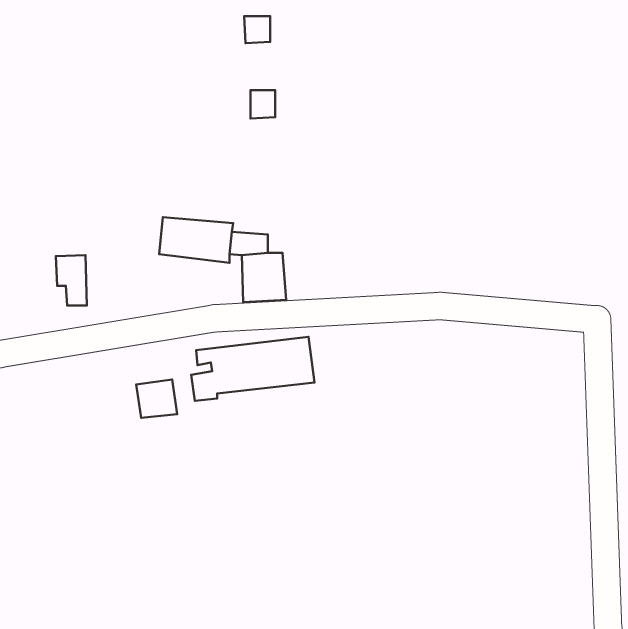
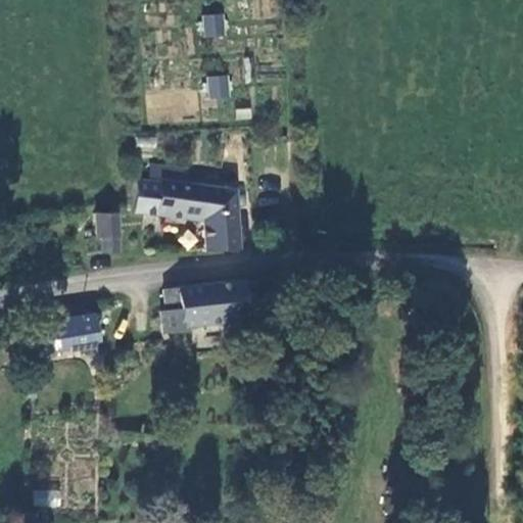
building: [56,255,87,306] -> [94,211,120,253]
building: [136,379,177,418] -> [64,314,98,345]

